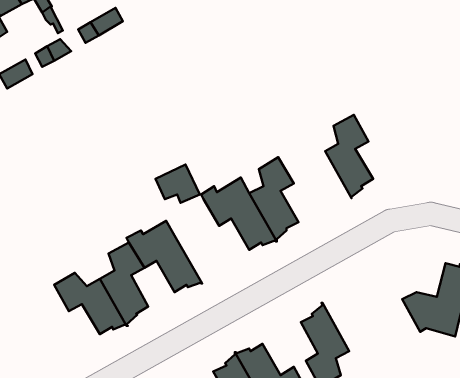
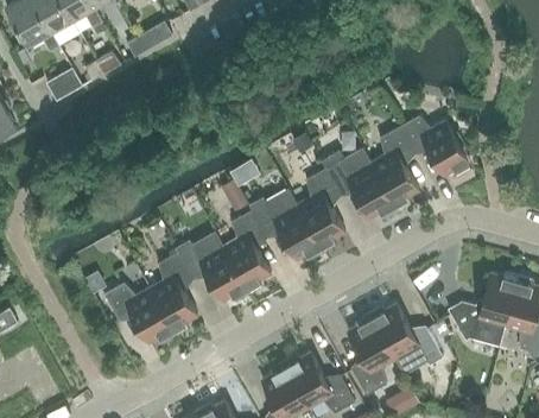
building: none -> [400,116,470,176]
building: none -> [321,147,398,218]
building: none -> [223,210,272,293]
building: none -> [369,304,443,372]

